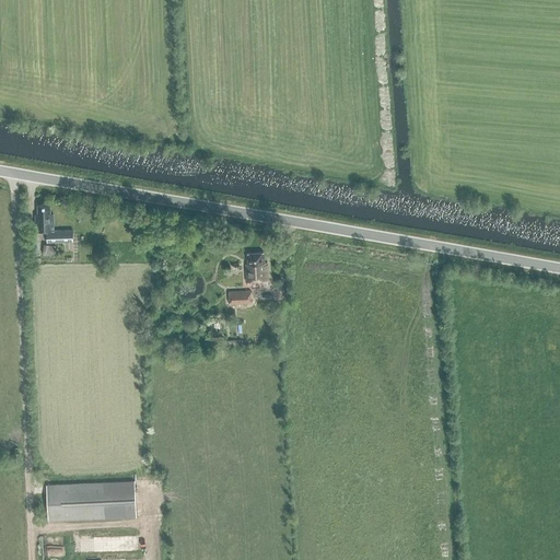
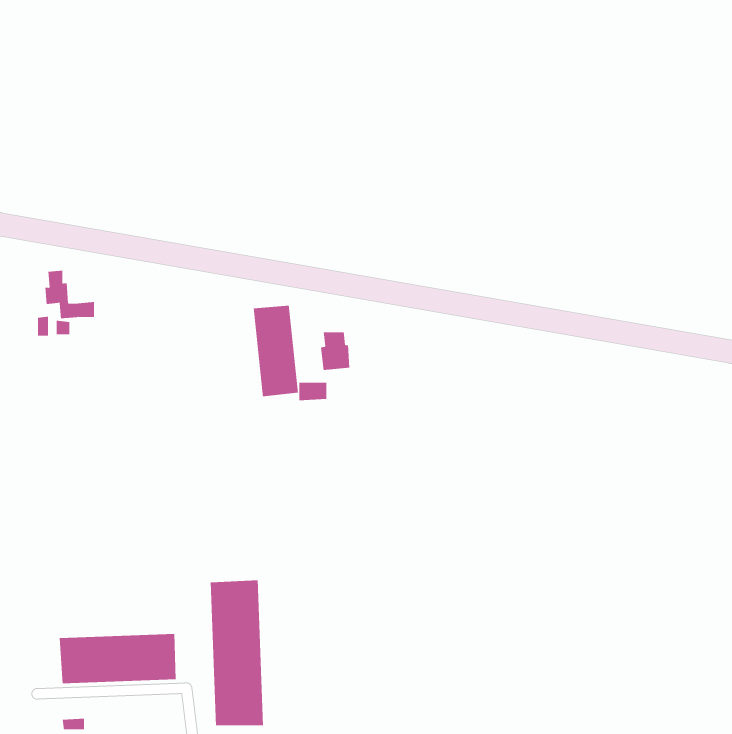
building: none -> [253,305,298,397]
building: none -> [210,580,264,726]

